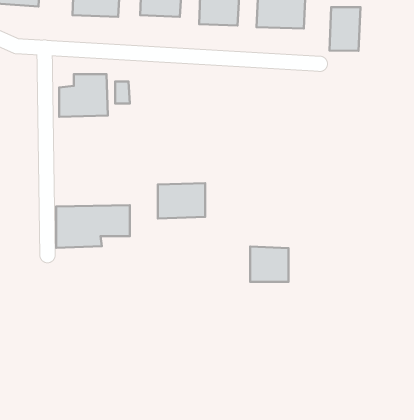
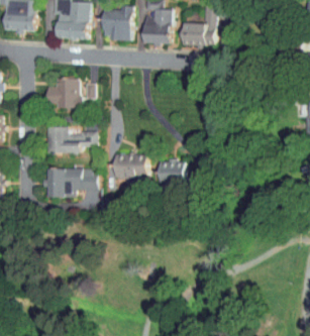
building: [329,7,360,51] -> none
building: none -> [45,126,96,153]
building: [250,247,289,282] -> [159,160,185,185]

